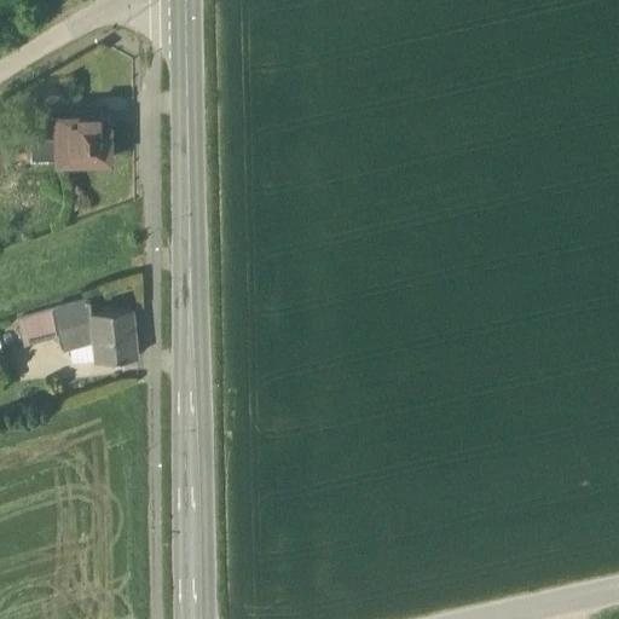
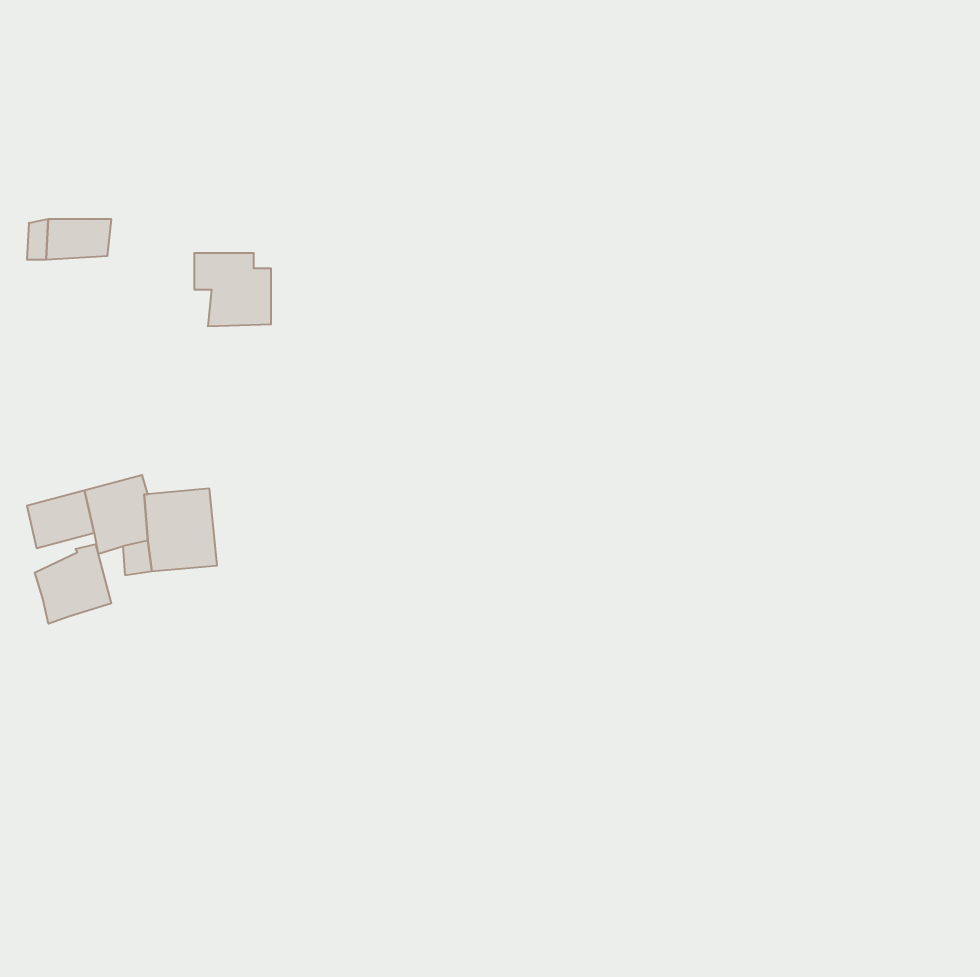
building: [60,118,109,164] -> [194,253,271,326]
building: none -> [35,544,111,624]

